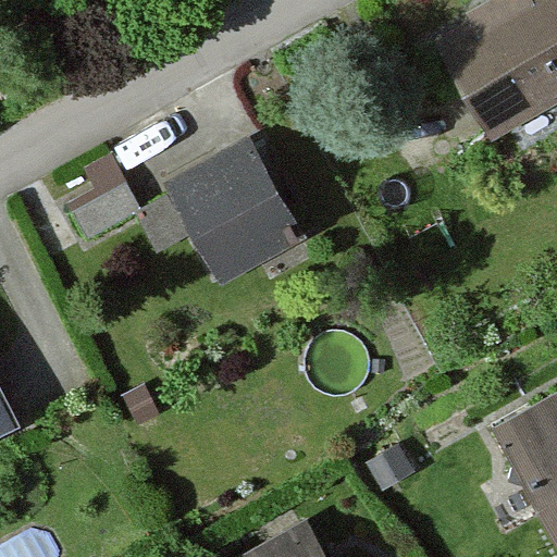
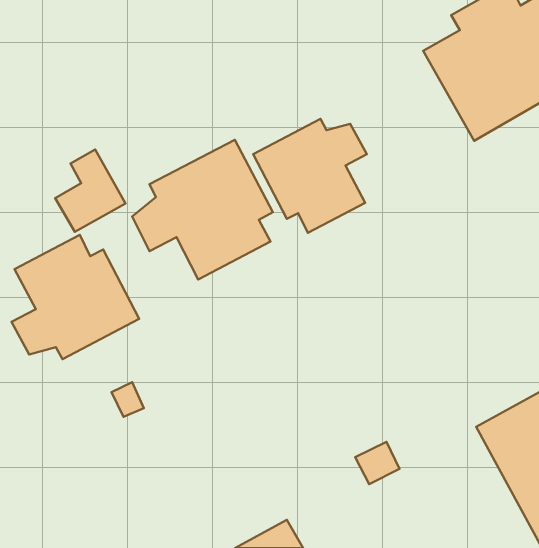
building: none -> [253,119,367,233]
building: none -> [11,235,139,359]

